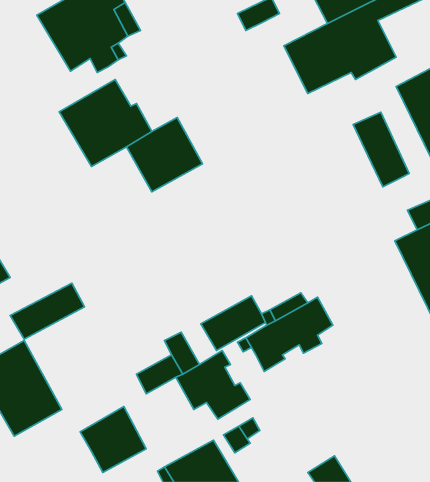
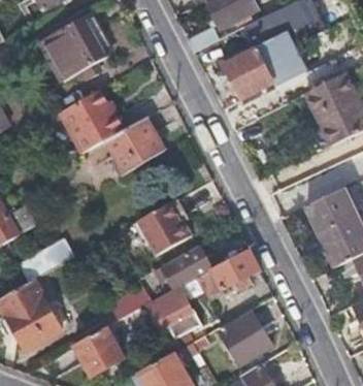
building: [353,112,409,187] -> none
building: none -> [132,198,191,255]
building: none -> [219,312,271,365]

